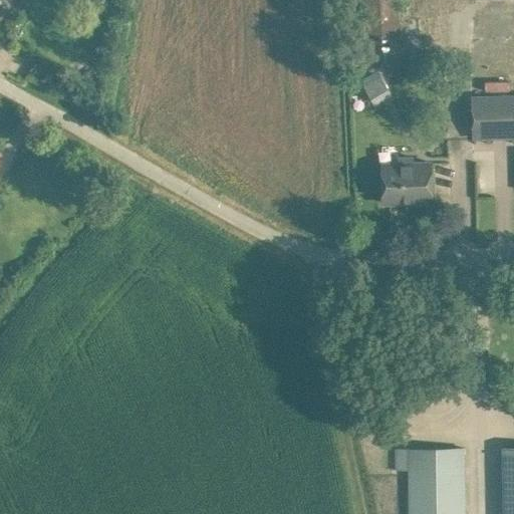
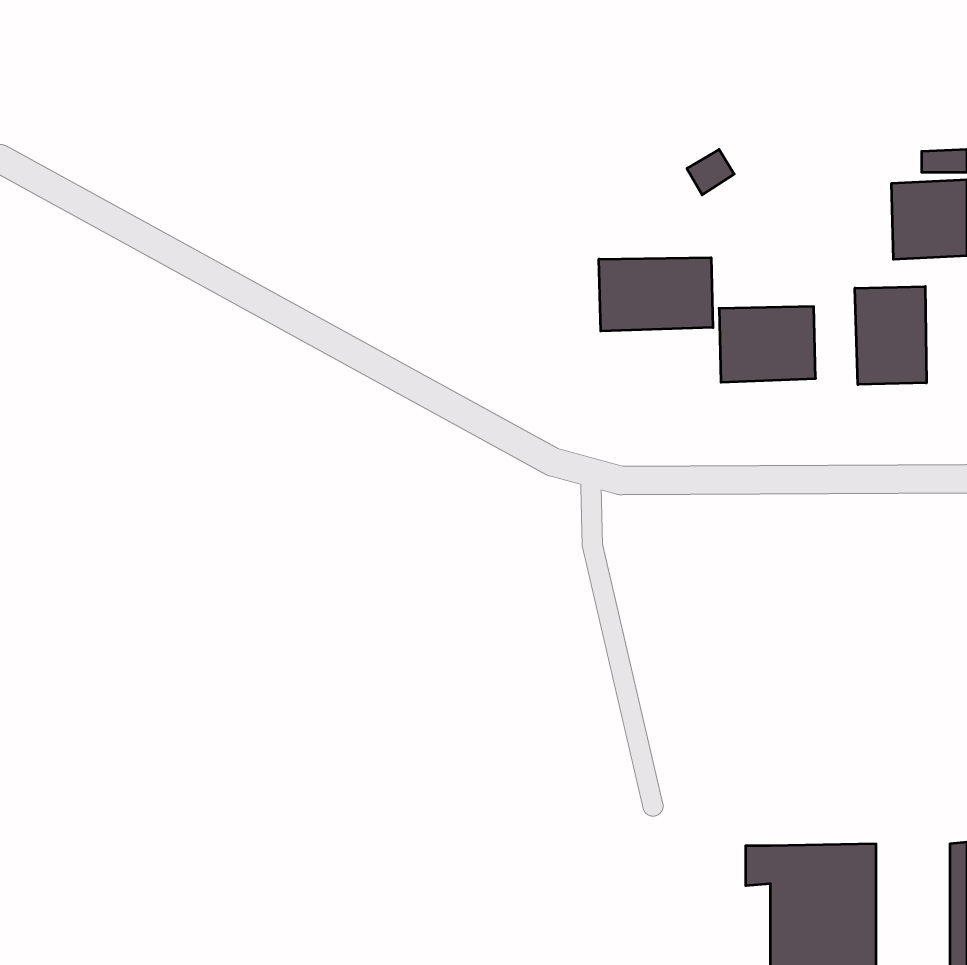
building: none -> [599,258,713,331]
building: none -> [855,286,926,385]

